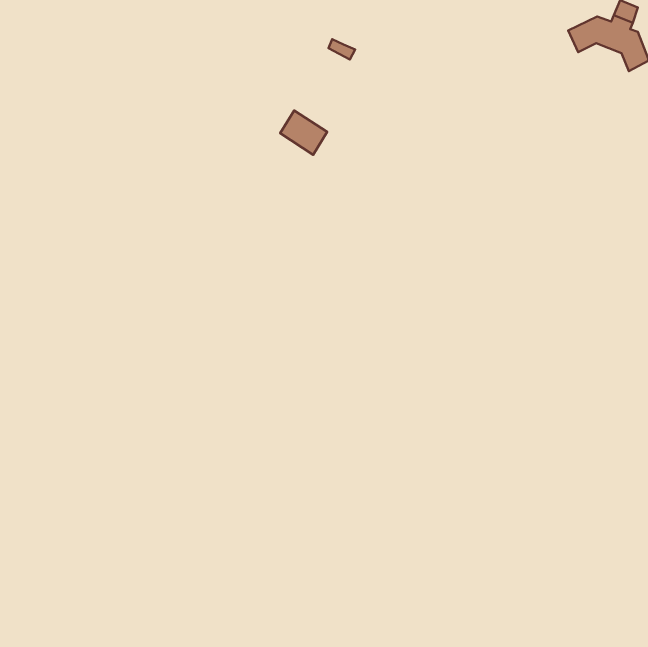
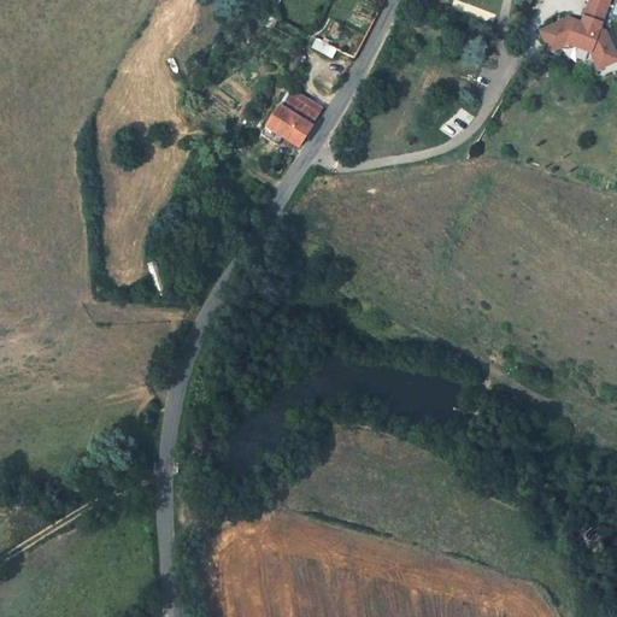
building: none -> [280,87,322,125]

